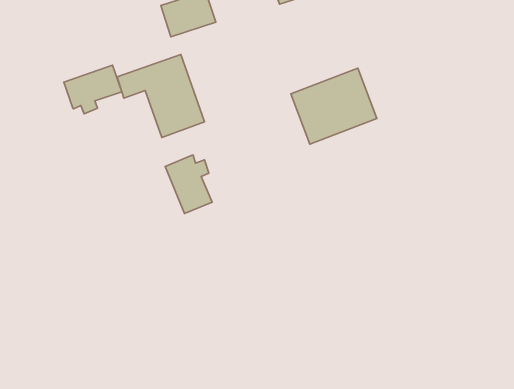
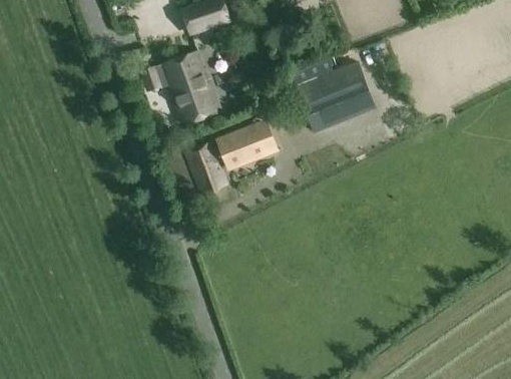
building: [64,65,122,114] -> none
building: none -> [218,122,270,168]

